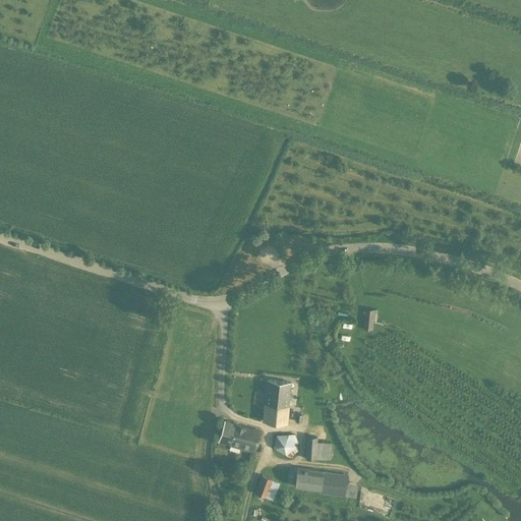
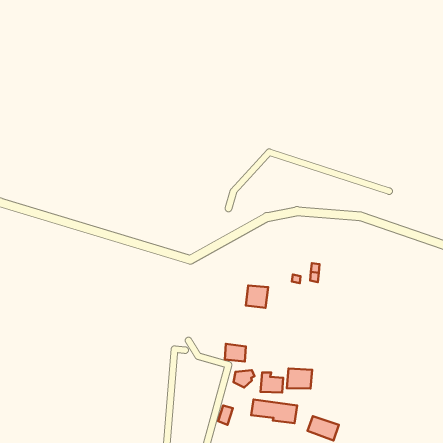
building: [266,381,292,407] -> [246,285,268,308]
building: [220,421,263,454] -> none
building: none -> [287,368,312,389]

